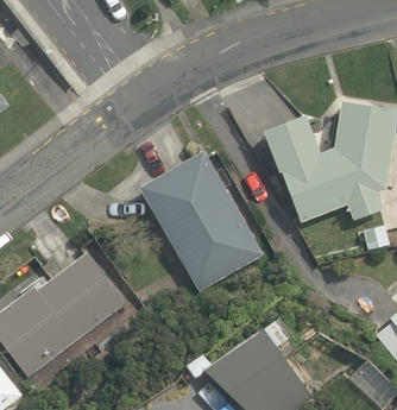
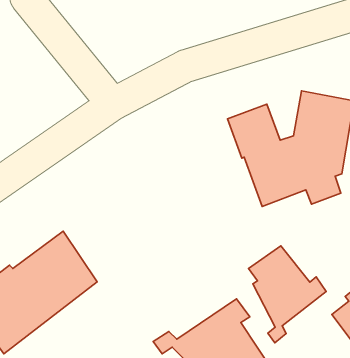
building: [140,150,265,292] -> none
building: none -> [249,246,326,343]

